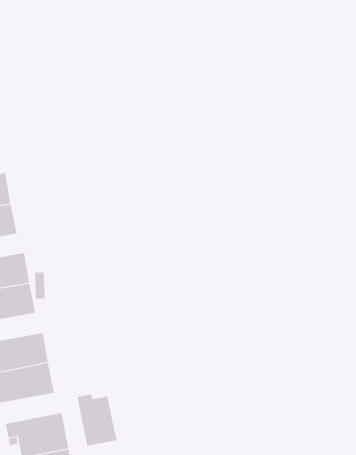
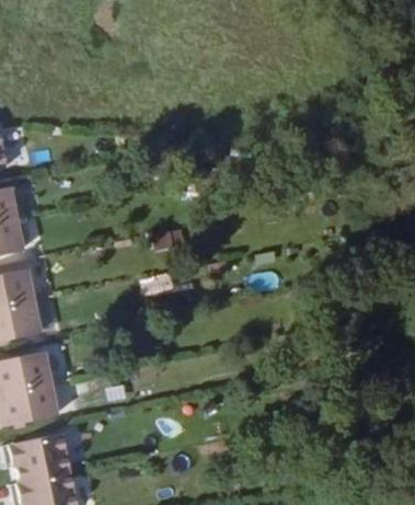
building: [77,394,117,447] -> none

